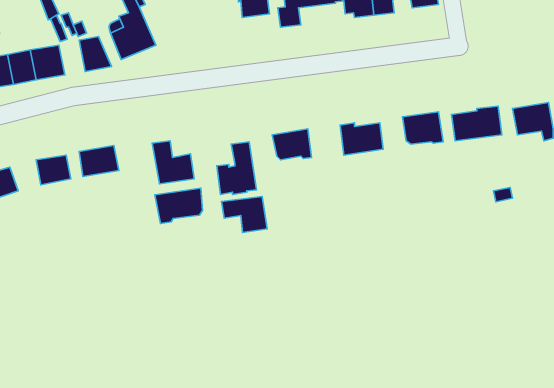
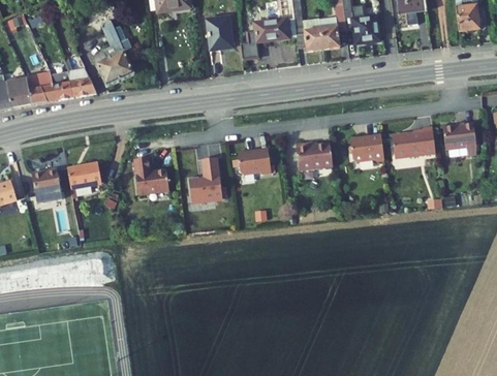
building: none -> [52,70,74,100]
building: [155,188,203,223] -> none
building: [222,197,267,233] -> none

